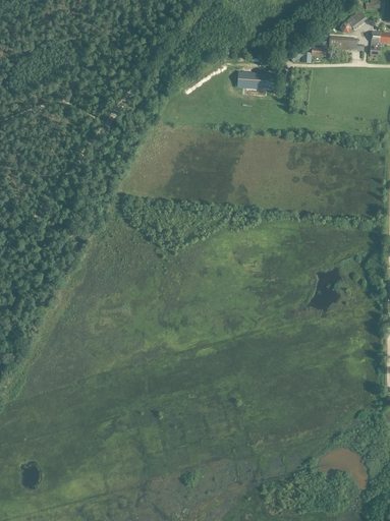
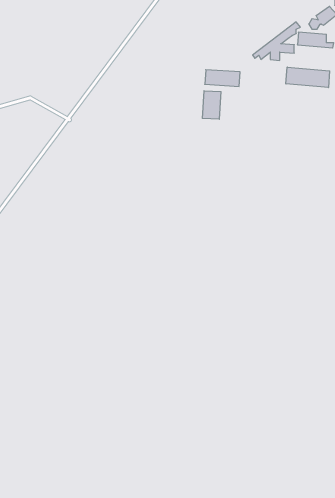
building: none -> [286,67,330,88]
building: none -> [202,91,221,119]

